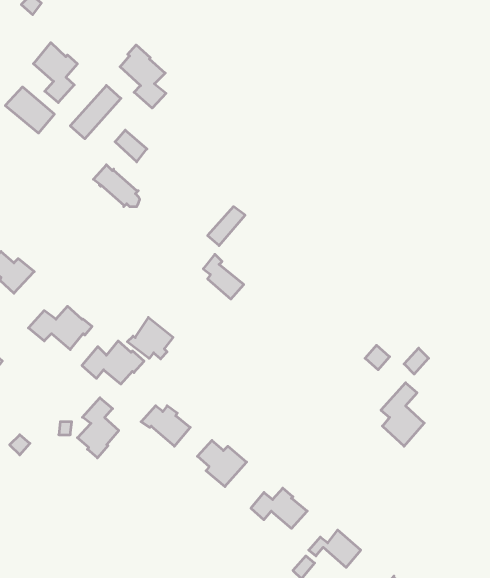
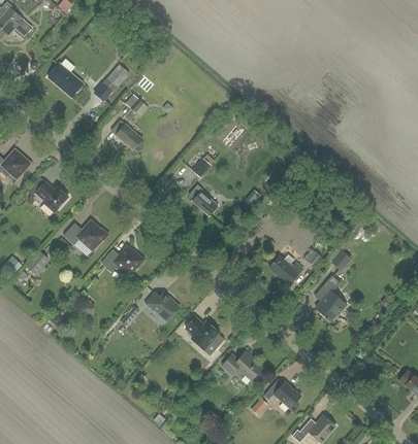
building: [33,43,77,103] -> none
building: [120,45,166,108] -> none
building: [127,317,173,359] -> none
building: none -> [269,255,303,285]
building: [77,398,119,458] -> none

